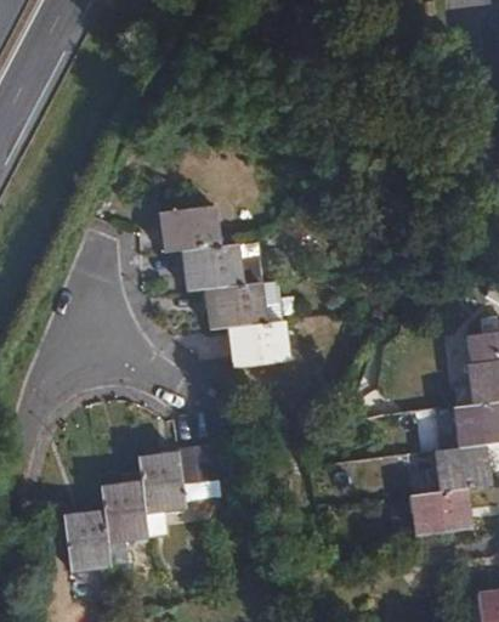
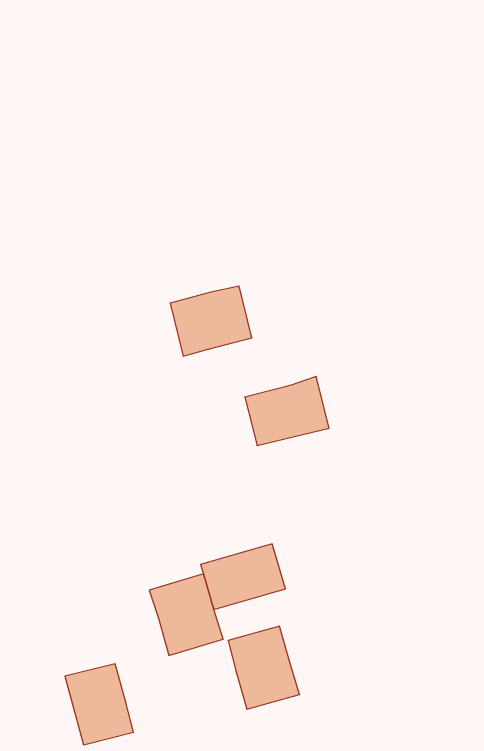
building: [166,204,221,248] -> none
building: [212,281,270,328] -> none
building: [104,481,152,539] -> [228,626,300,709]

